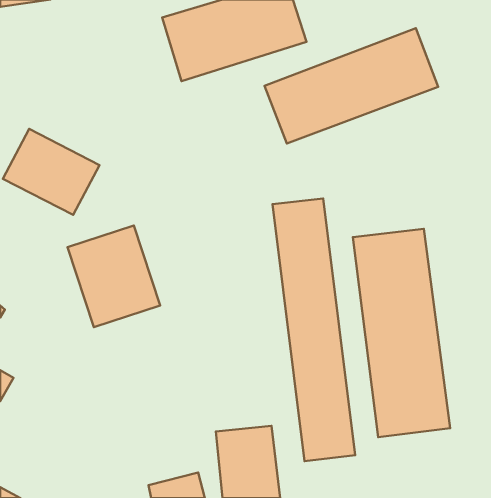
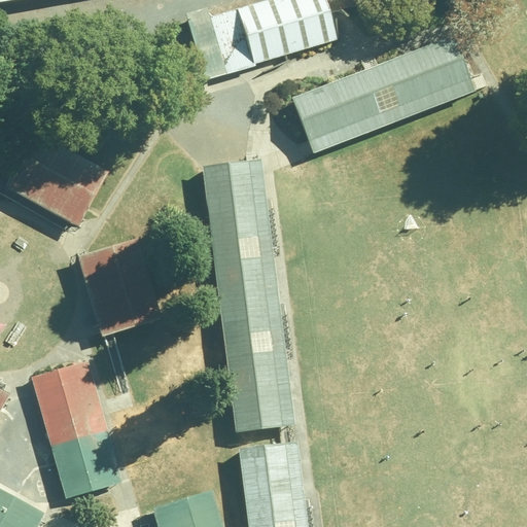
building: [272,198,355,461] -> [204,159,291,435]
building: [353,229,450,437] -> none
building: none -> [35,361,126,505]

